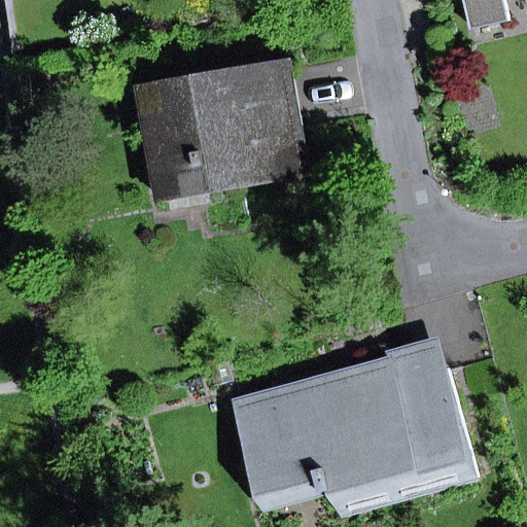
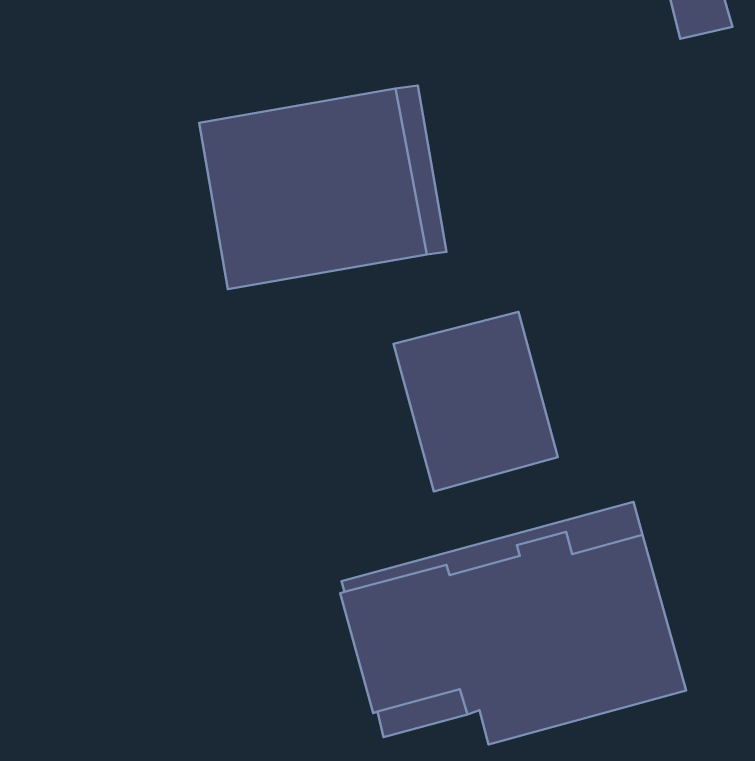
building: none -> [394,312,558,491]

